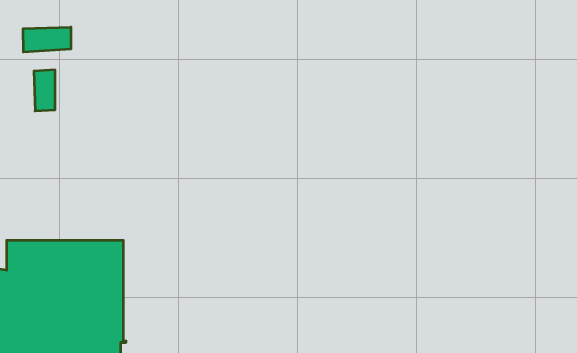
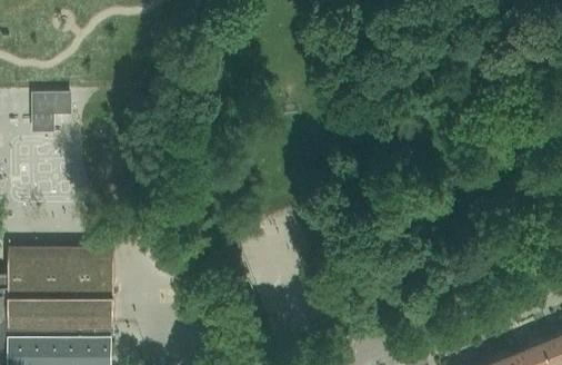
building: [23,27,71,52] -> none

